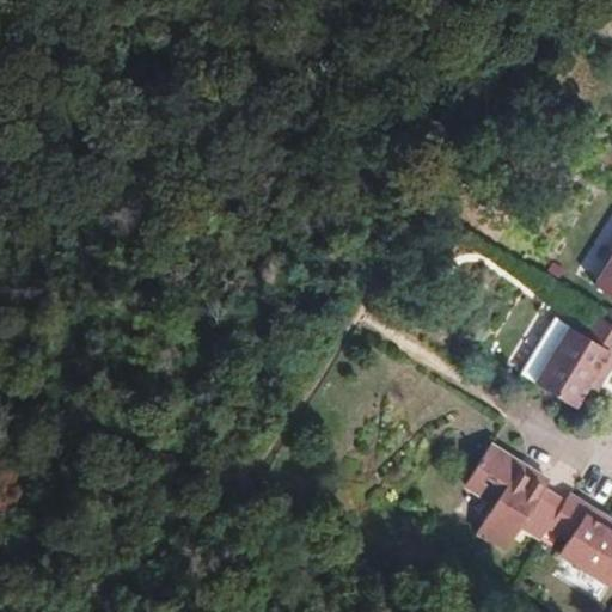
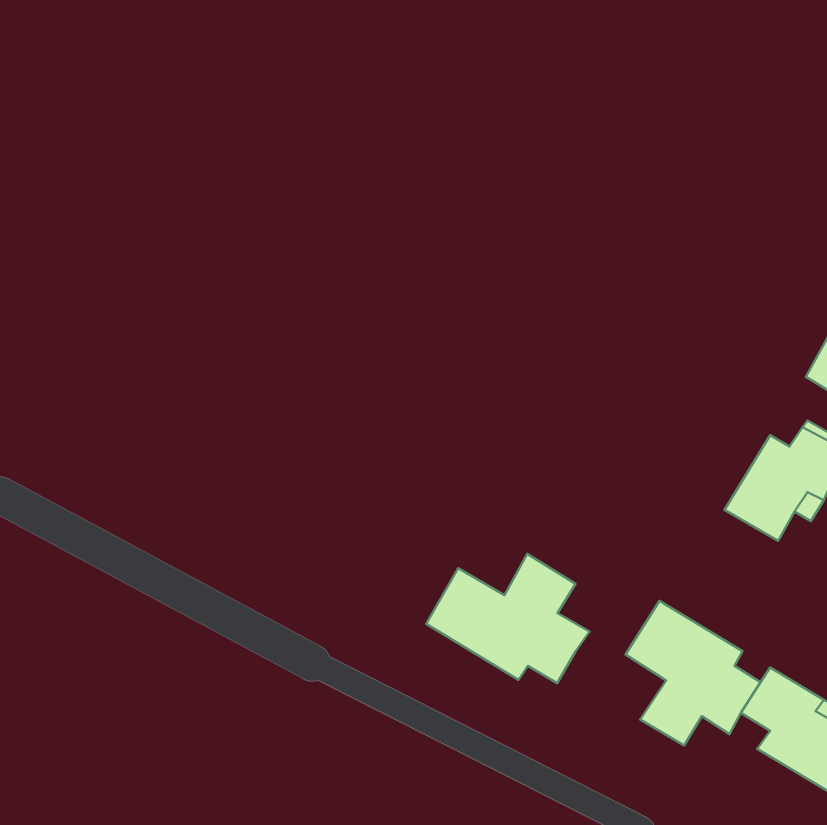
building: none -> [426,554,589,683]

